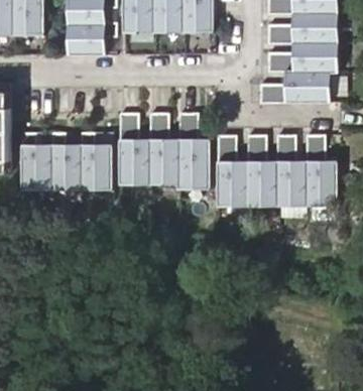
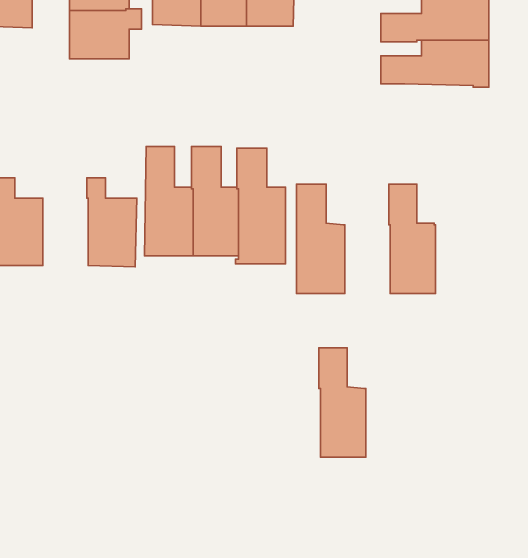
building: [256,72,327,104] -> none
building: [48,132,79,188] -> none
building: [243,136,273,207] -> [319,348,366,457]
building: [301,136,334,207] -> none

